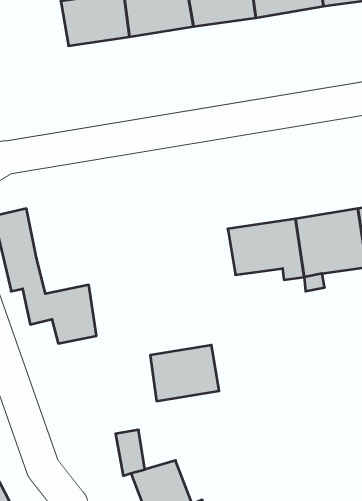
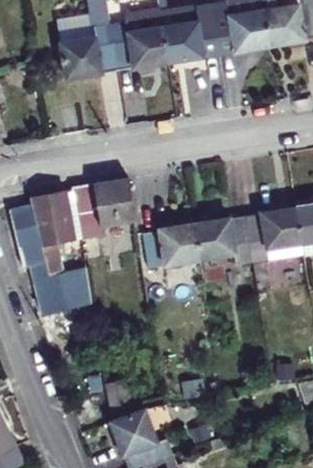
building: none -> [67,179,135,235]
building: none -> [29,196,70,274]
building: [150,345,219,401] -> [142,222,197,267]

